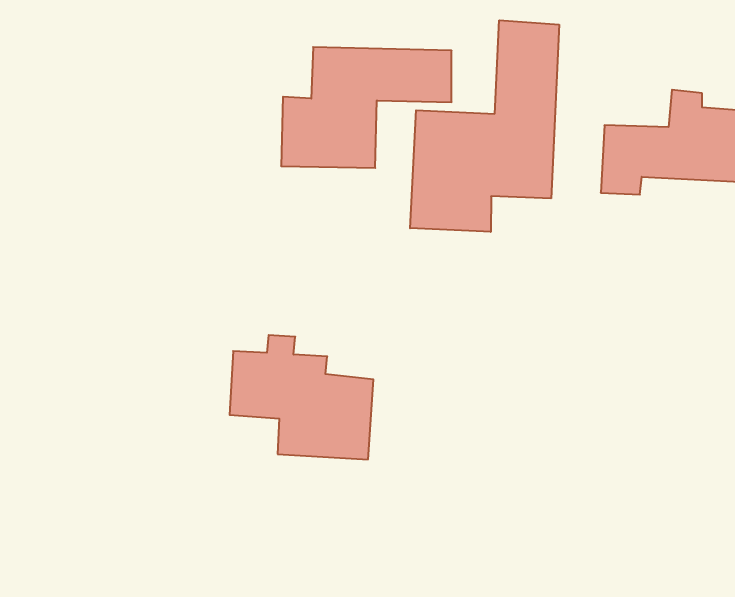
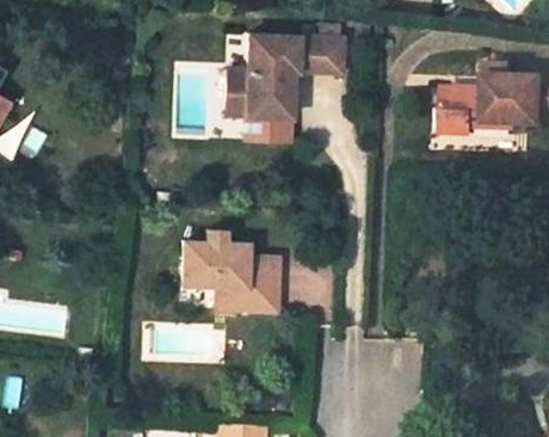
building: [410,20,559,232] -> none

